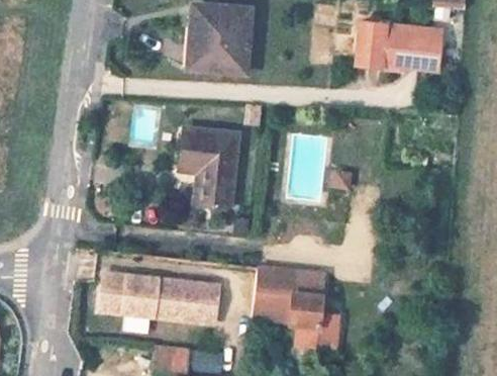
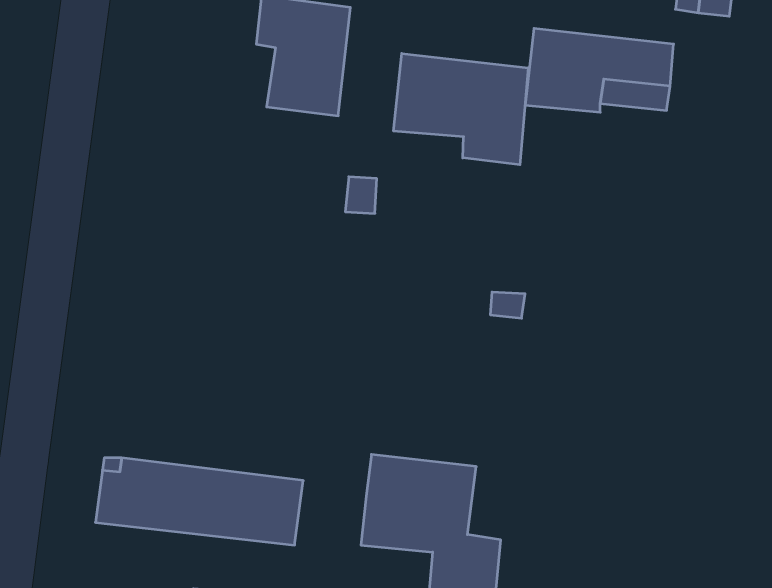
building: none -> [394,53,528,165]
building: [181,131,239,207] -> none

